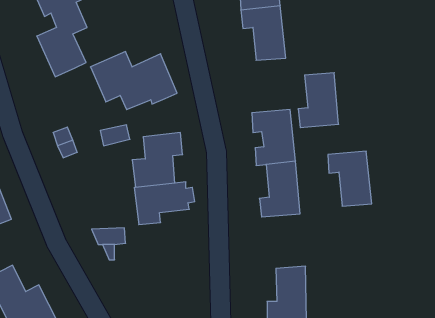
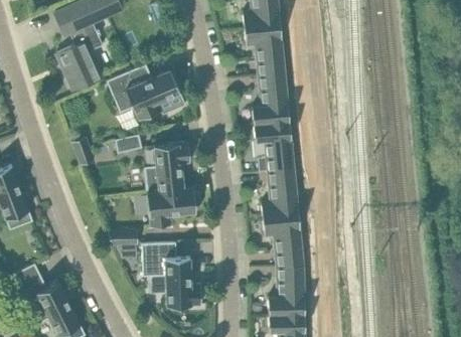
building: [298,73,339,128] -> [252,73,289,124]
building: [328,151,372,206] -> [263,216,303,267]
building: none -> [141,242,201,306]

